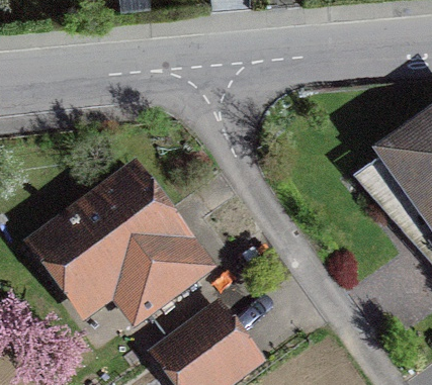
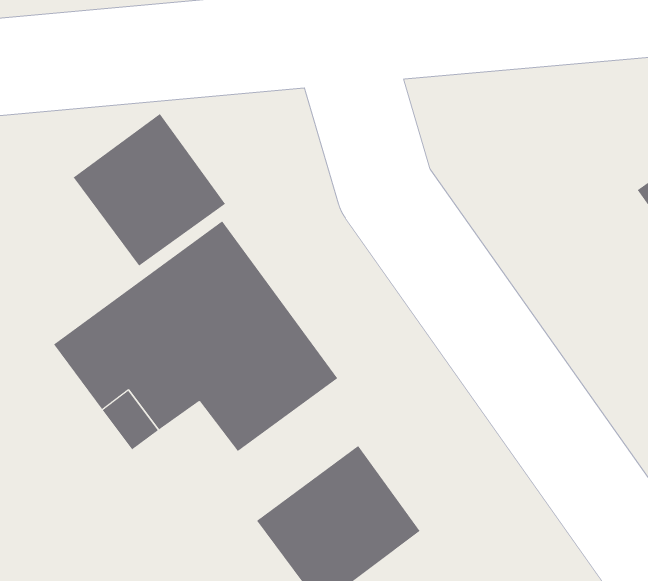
building: none -> [73,113,226,267]

